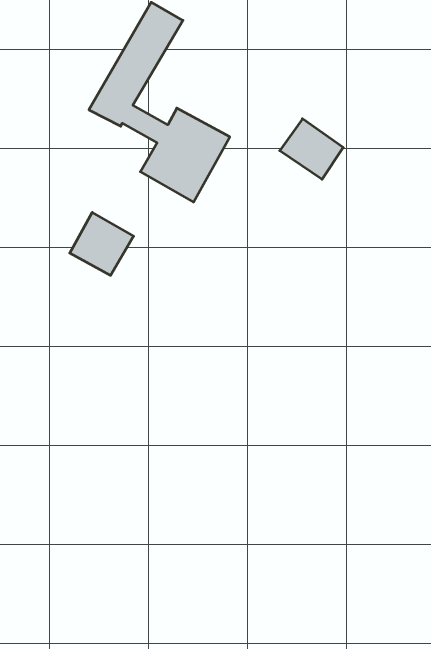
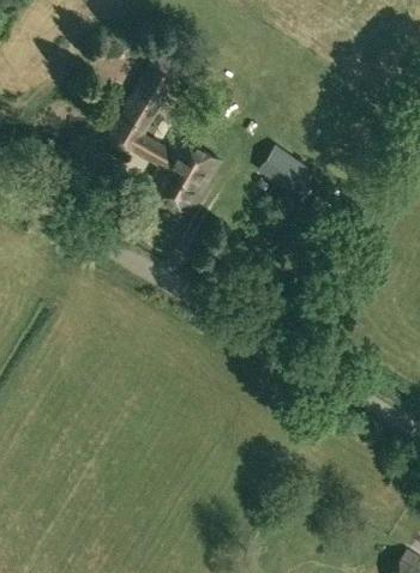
building: [70,212,134,275] -> none

